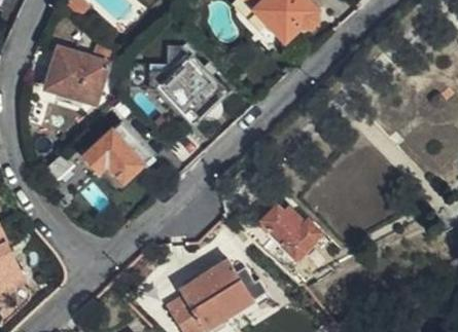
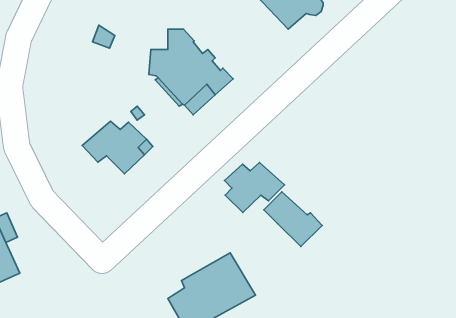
building: [46,49,108,104] -> none
building: none -> [225,163,285,213]

